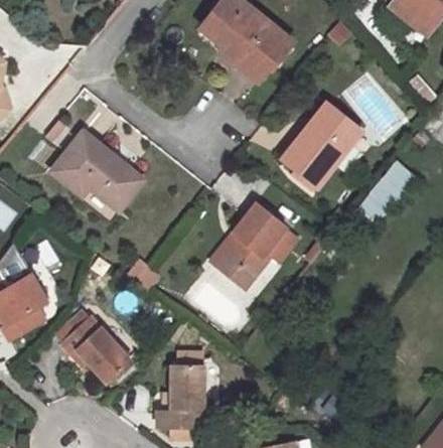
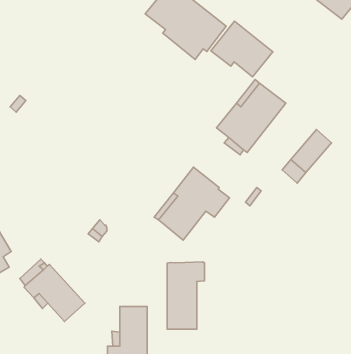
building: none -> [211,21,273,77]
building: [51,132,143,209] -> none
building: none -> [167,262,204,329]

